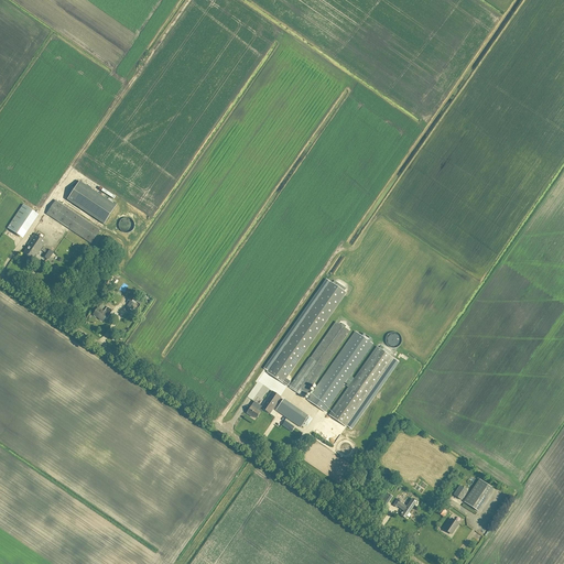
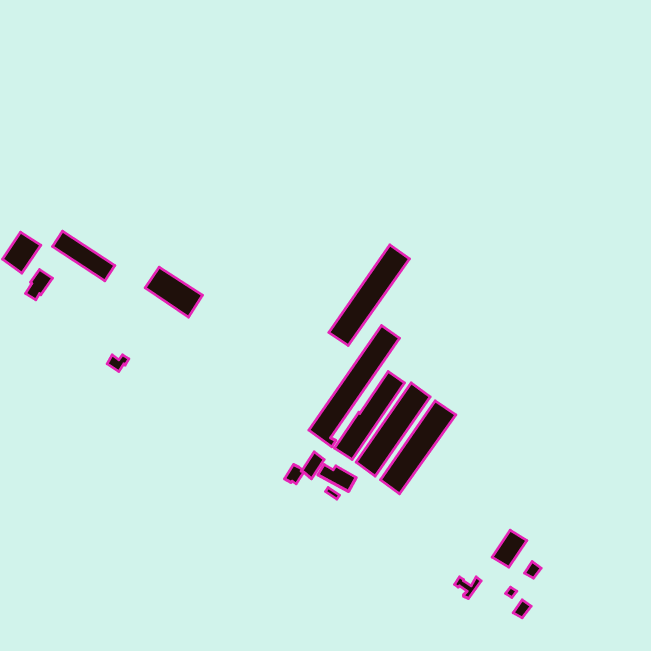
building: [66,181,116,224] -> [145,267,203,317]
building: none -> [329,245,409,345]
building: [463,478,492,510] -> [492,530,527,567]

